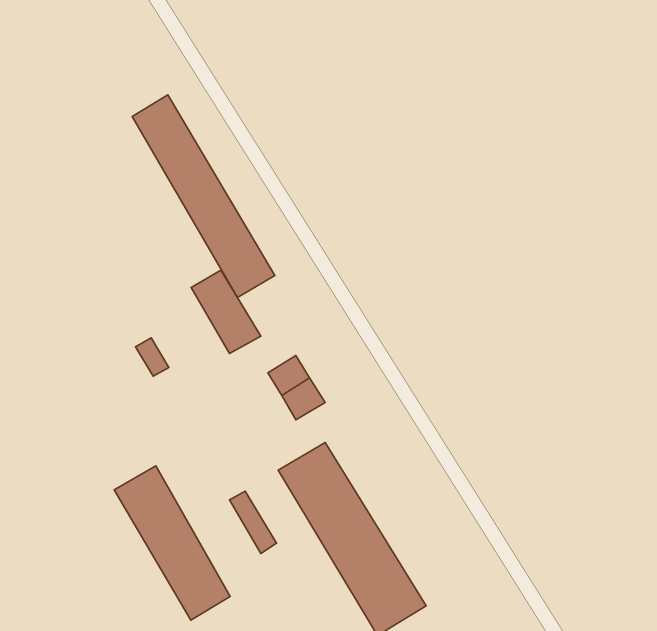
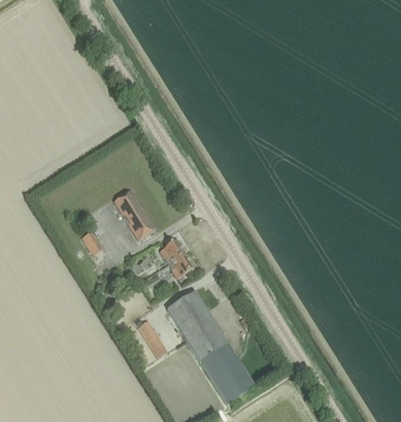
building: [132,95,275,298] -> none
building: [114,466,230,620] -> none

